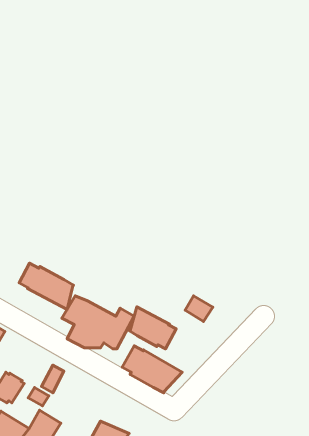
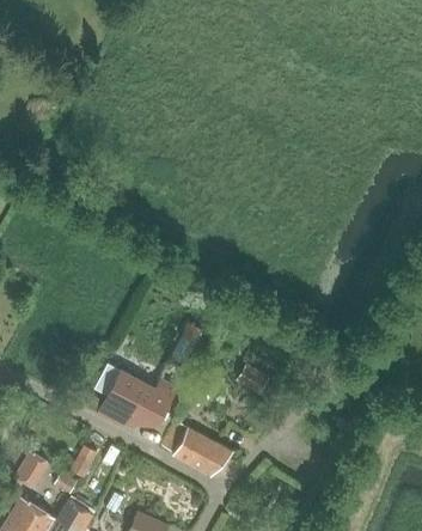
building: [19,263,74,309] -> none
building: [129,307,176,349] -> none

